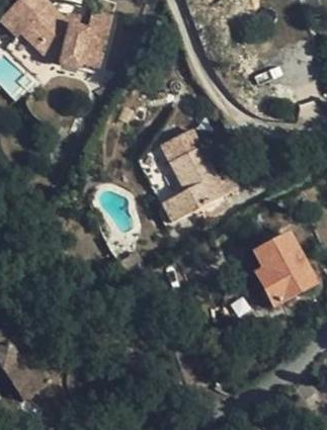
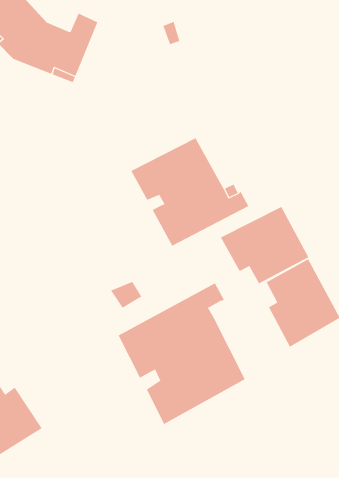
building: none -> [220,206,309,284]
building: none -> [118,282,245,425]

